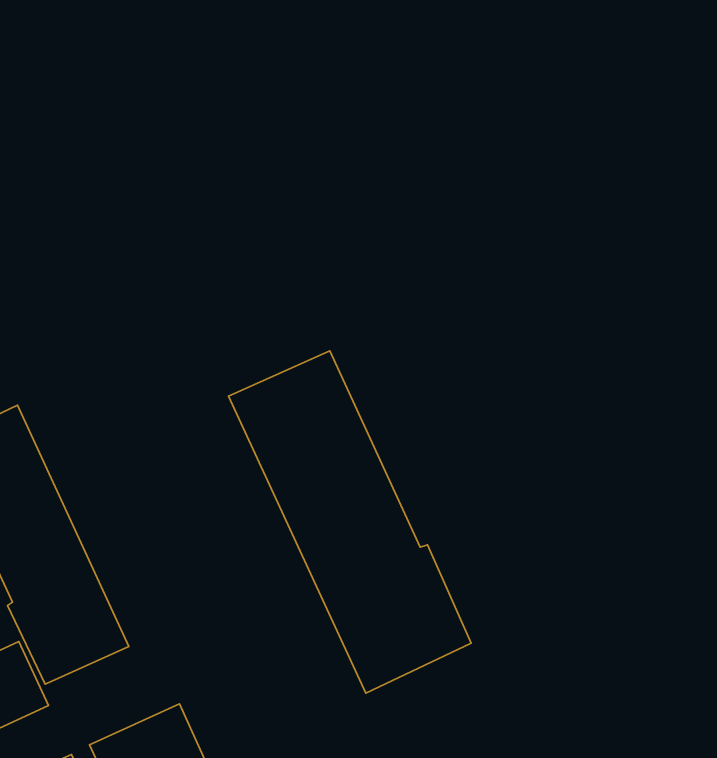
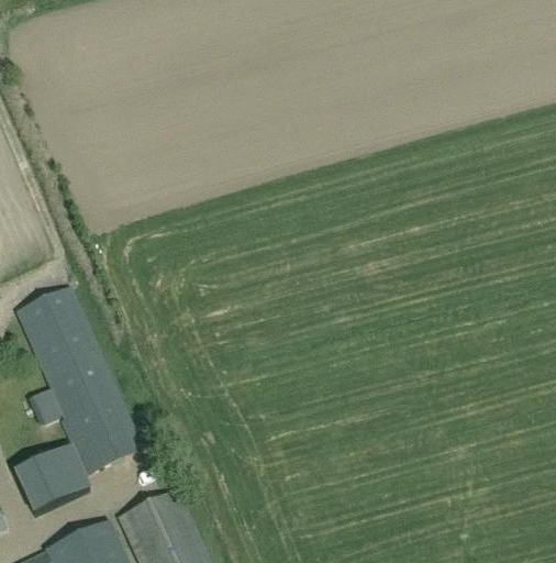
building: [228,351,471,693] -> none

